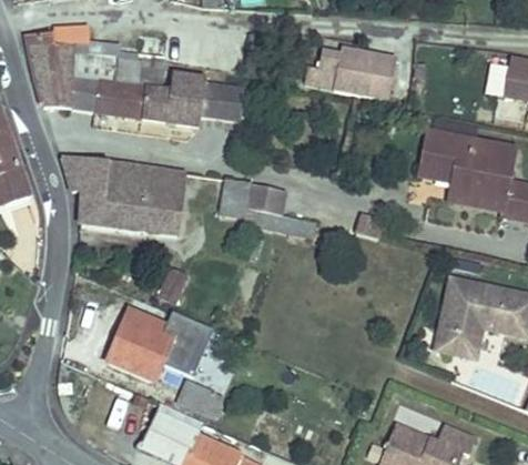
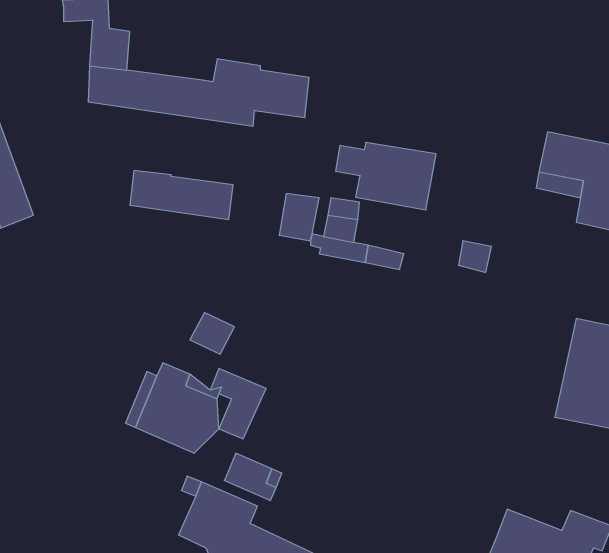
building: [27,33,75,109] -> none
building: [317,47,395,99] -> [336,143,436,210]
building: [102,52,165,90] -> none
building: [62,154,191,234] -> none

